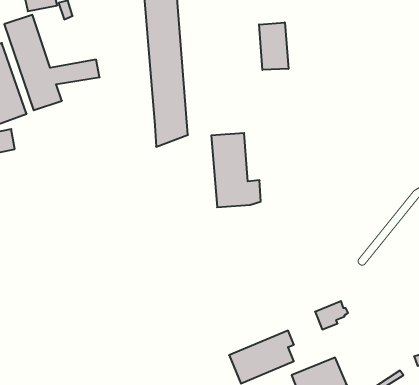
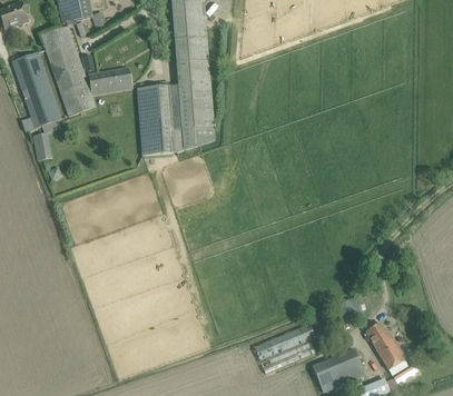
building: [259,22,288,70] -> none
building: [211,133,261,207] -> [137,85,184,155]
building: none -> [365,321,405,368]

